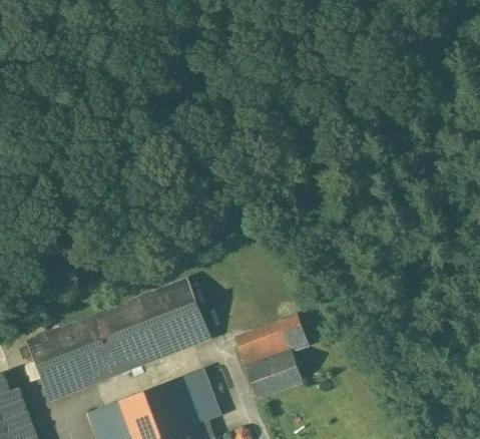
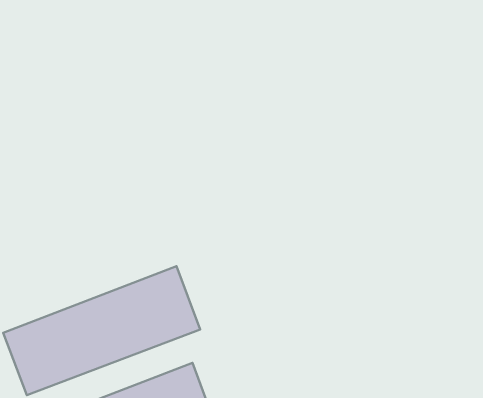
building: [238,324,311,397] -> none

